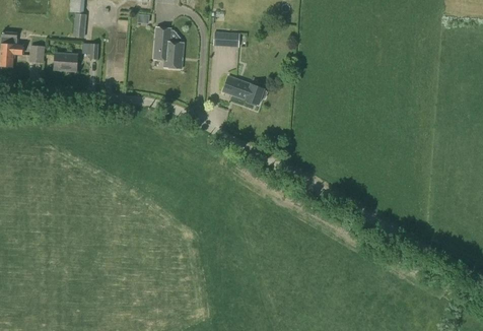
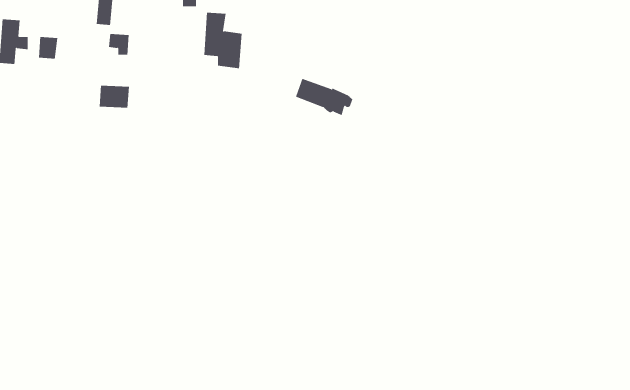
building: [214,31,239,47] -> none
building: [54,53,77,70] -> [99,85,130,108]

